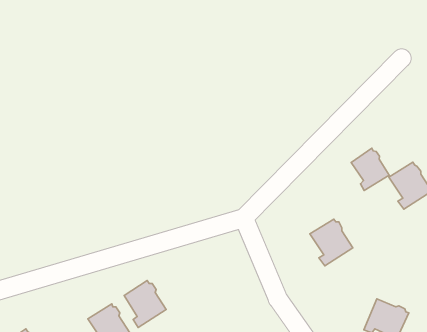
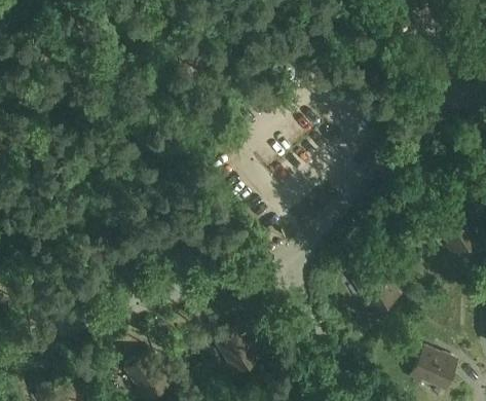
building: [351,148,389,191] -> none
building: [124,281,166,328] -> [219,327,262,375]

